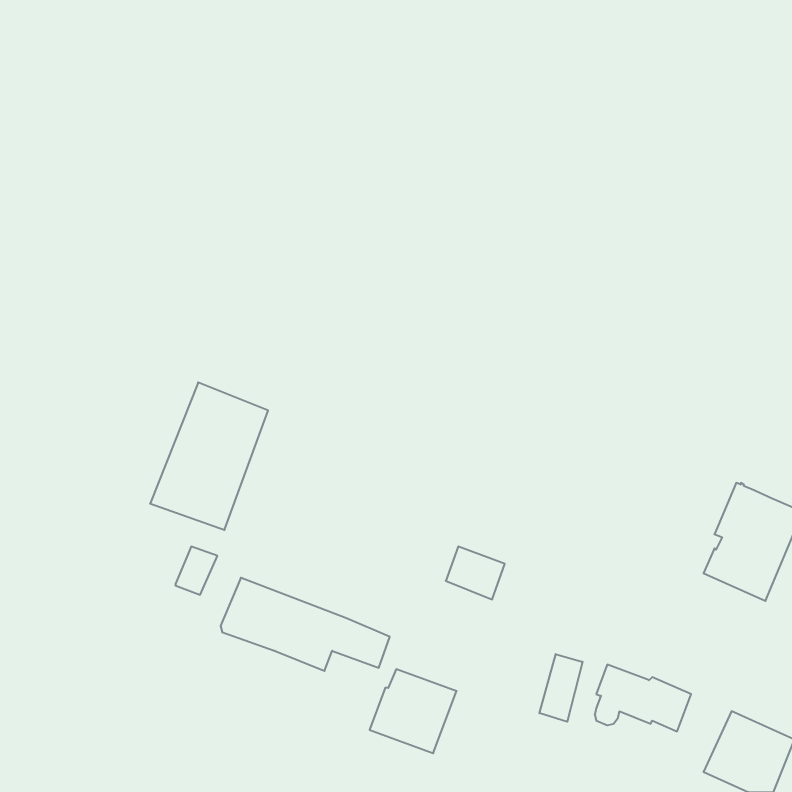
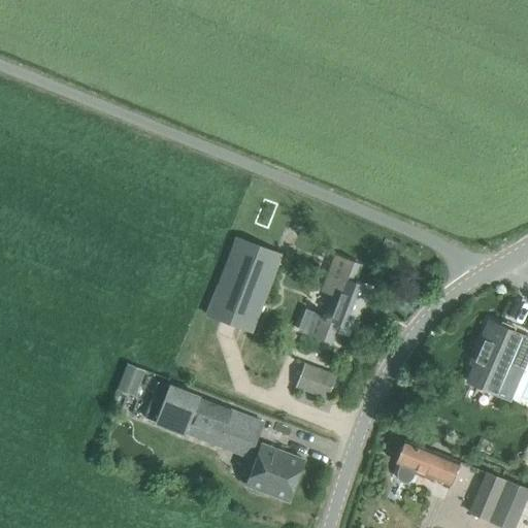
building: [150,382,268,530] -> [203,236,282,334]
building: none -> [302,256,369,341]
building: [539,654,583,722] -> none

